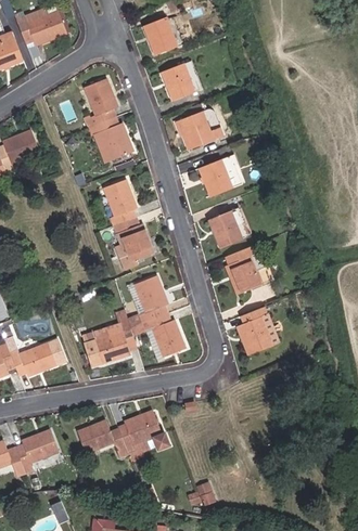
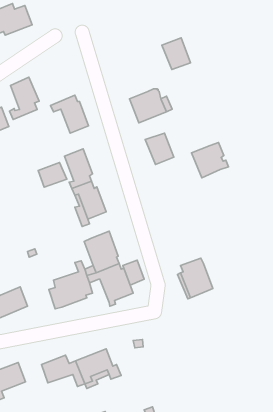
building: [143,17,179,55] -> none
building: [161,63,194,100] -> [162,38,191,69]
building: [84,78,118,128] -> [9,77,39,120]
building: none -> [38,162,67,187]
building: [208,207,252,248] -> [191,143,229,178]
building: [226,245,271,294] -> none
building: none -> [123,260,144,285]

